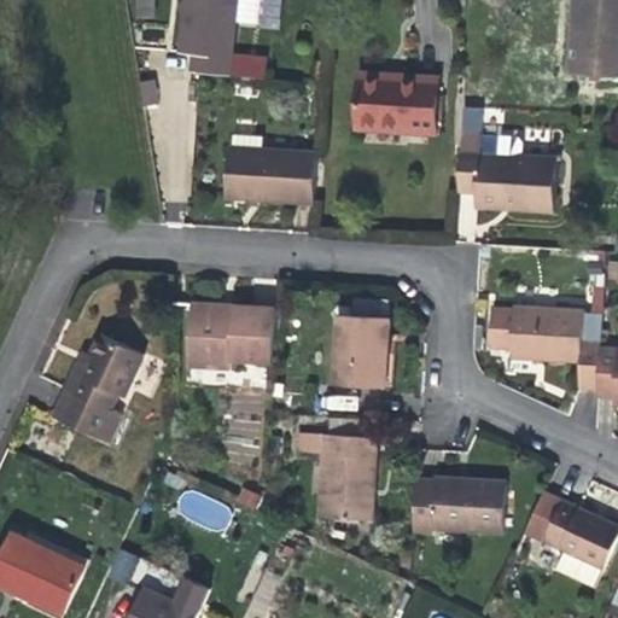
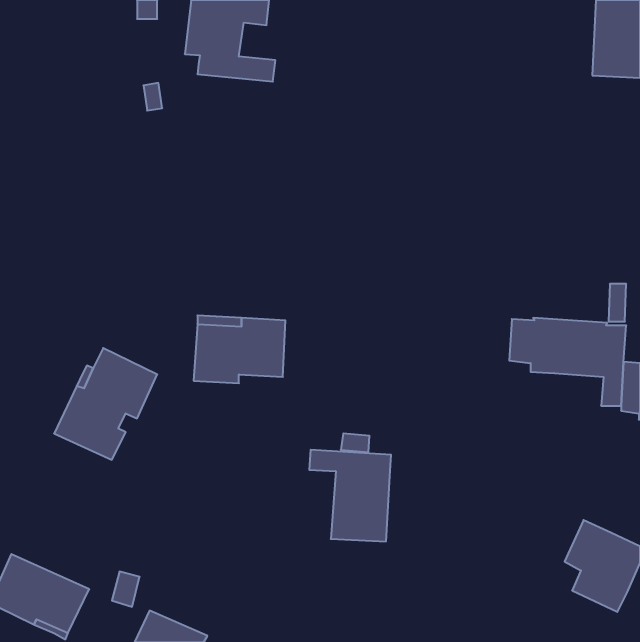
building: [355,74,437,133] -> none
building: [456,132,553,206] -> none
building: [225,134,315,204] -> none
building: [333,314,389,387] -> none
building: [412,477,506,532] -> none

